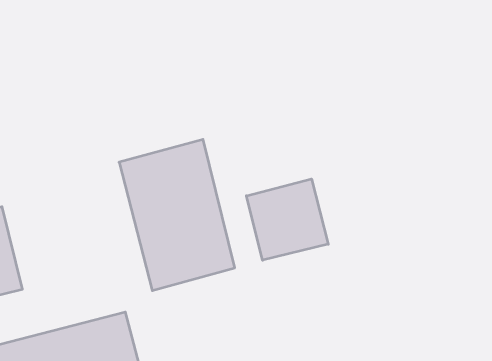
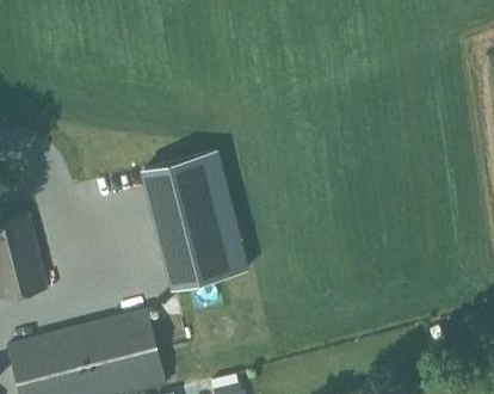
building: [246,179,328,260] -> none

